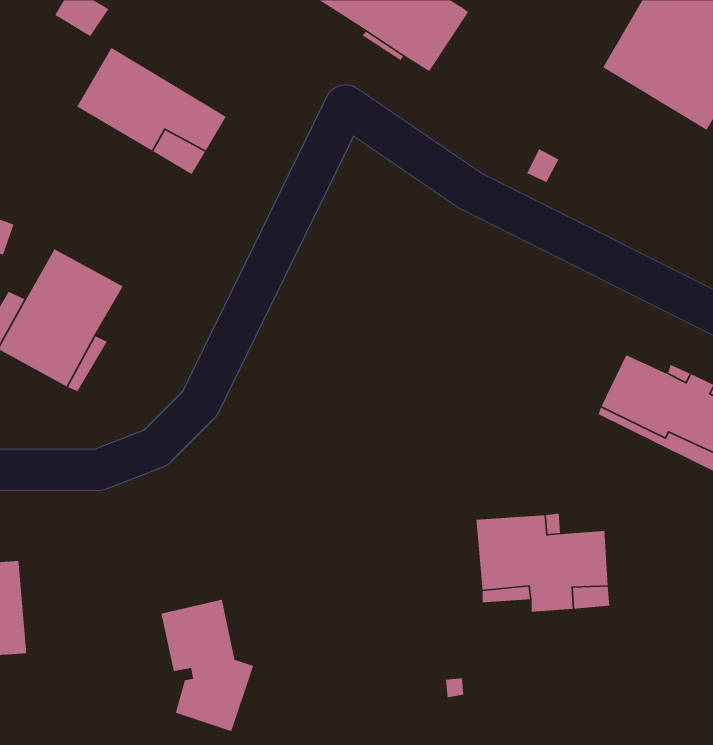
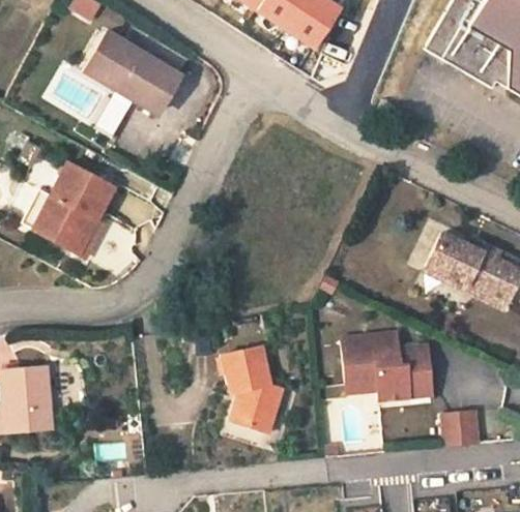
building: [161,599,254,732] -> [222,344,283,431]
building: none -> [444,410,479,444]

